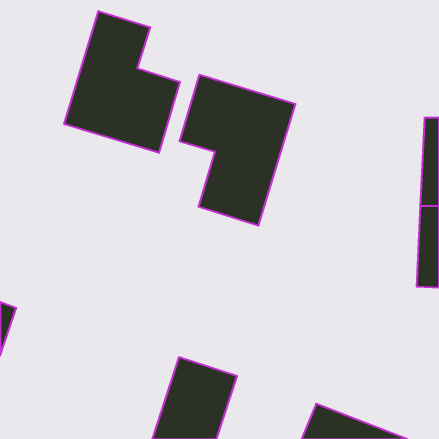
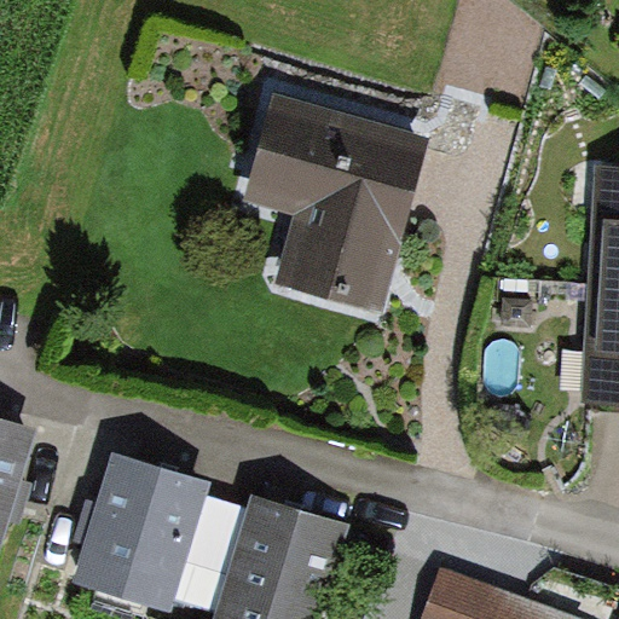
building: [64,11,180,153] -> none
building: none -> [76,459,197,606]

